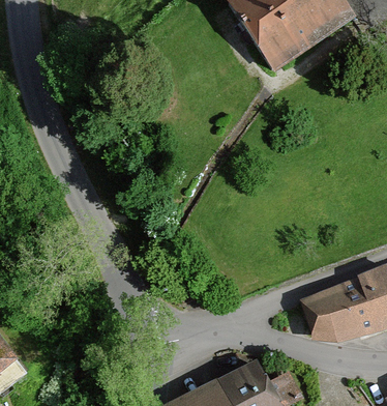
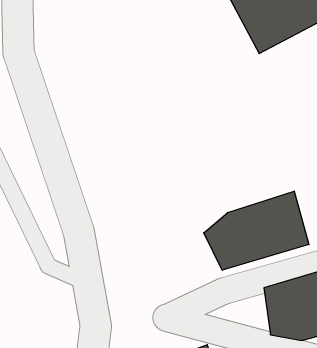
building: none -> [204,191,309,270]

